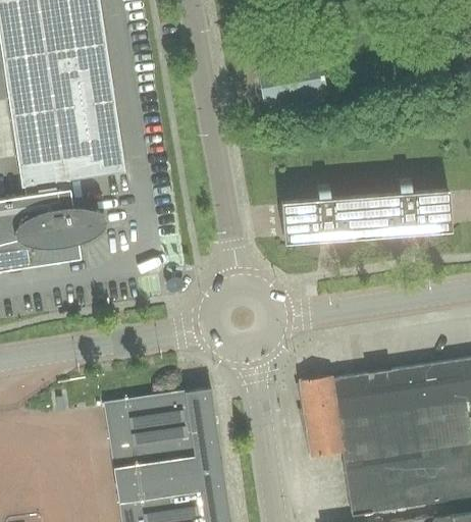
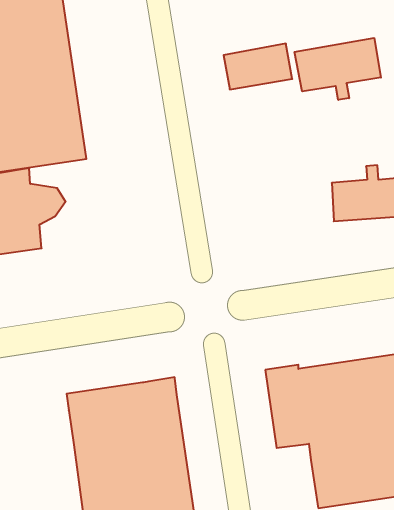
building: none -> [295,38,381,100]
building: [282,186,367,241] -> none

